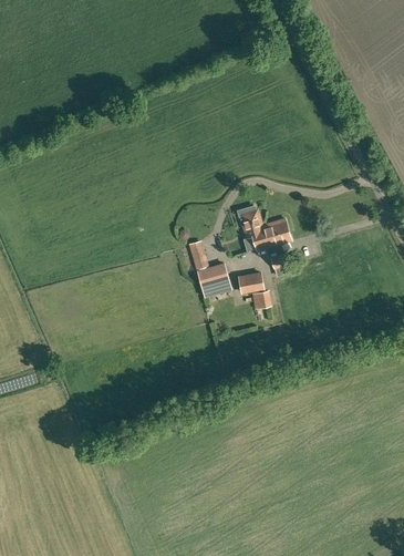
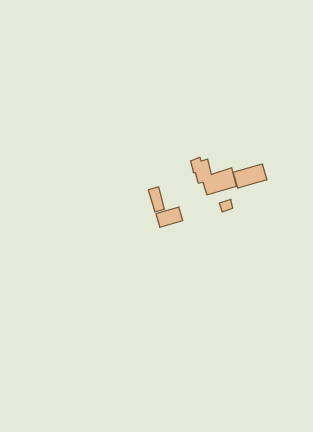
building: none -> [233,164,267,188]
building: [238,275,271,309] -> none

